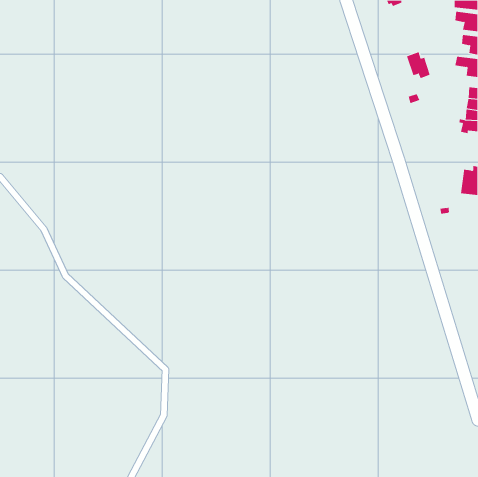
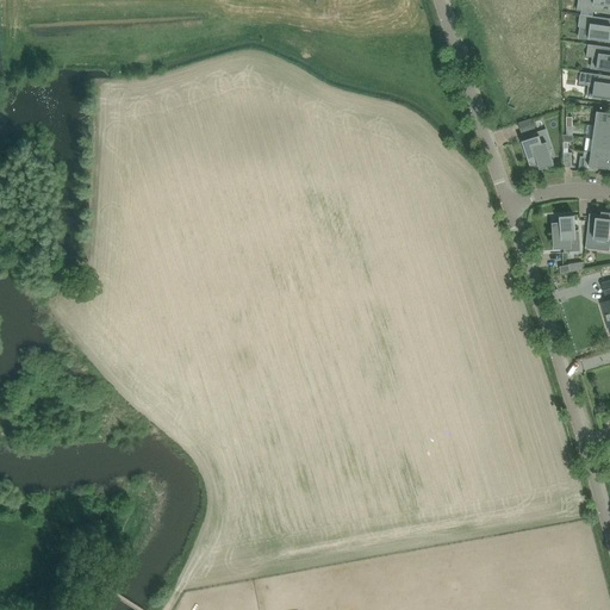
building: [406,52,430,79] -> [523,136,554,170]
building: none -> [553,216,577,250]

